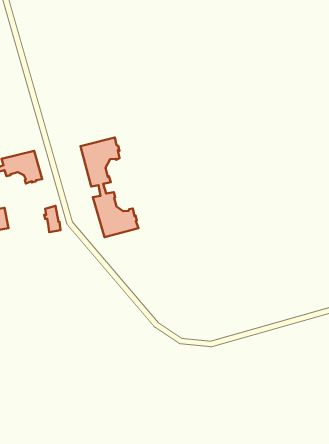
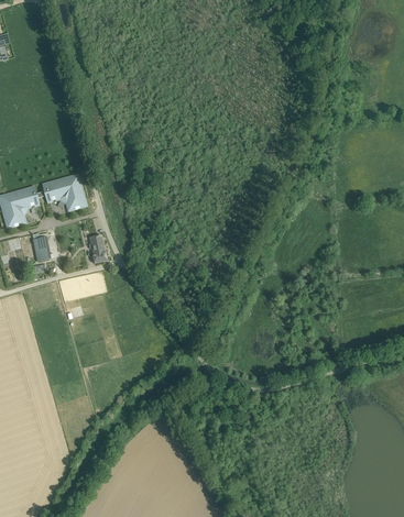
building: [81,138,139,237] -> none

